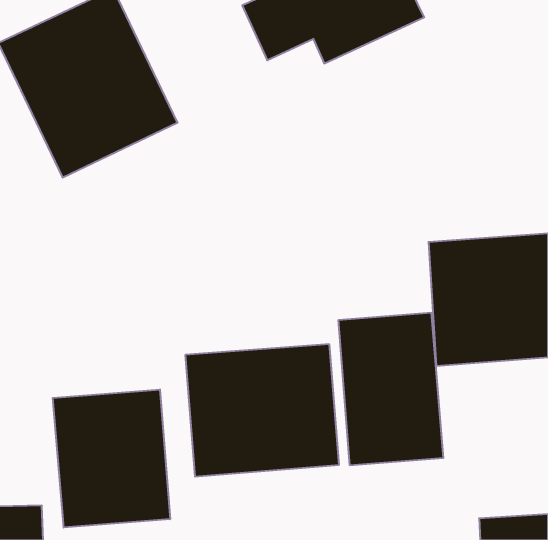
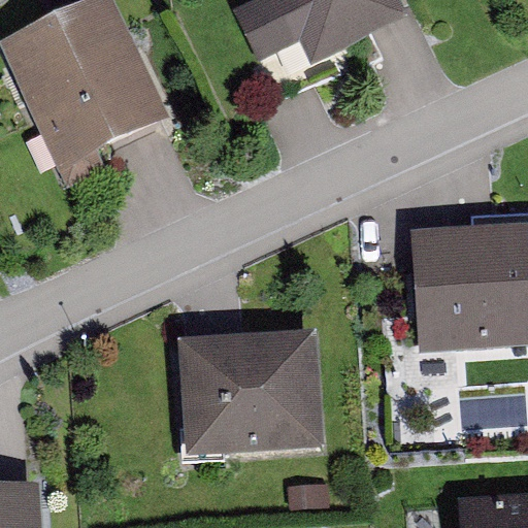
building: [339,313,443,465] -> none
building: [53,389,170,528] -> none

